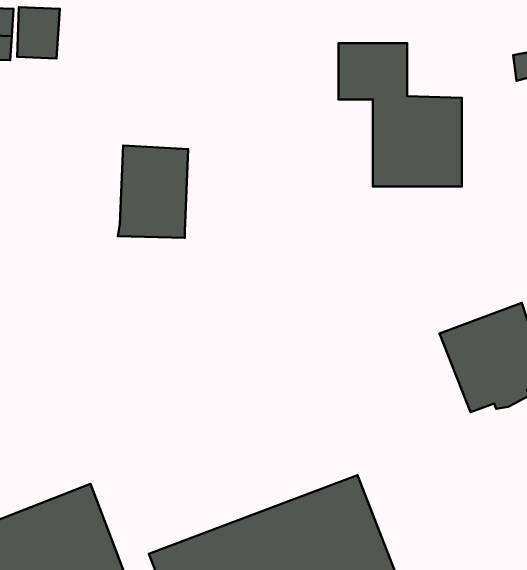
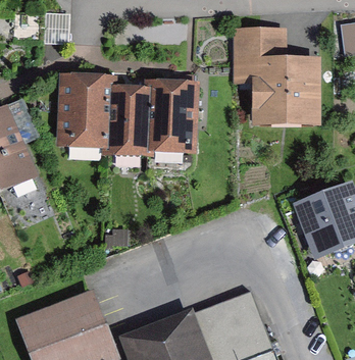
building: none -> [61,81,109,141]
building: none -> [146,88,191,146]

